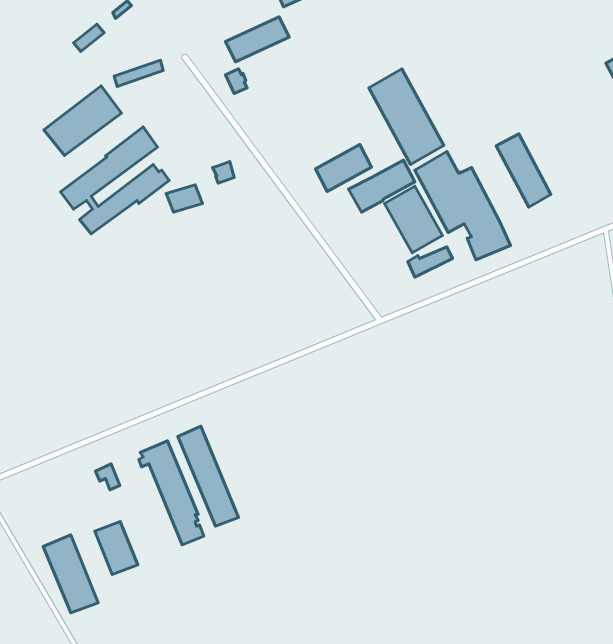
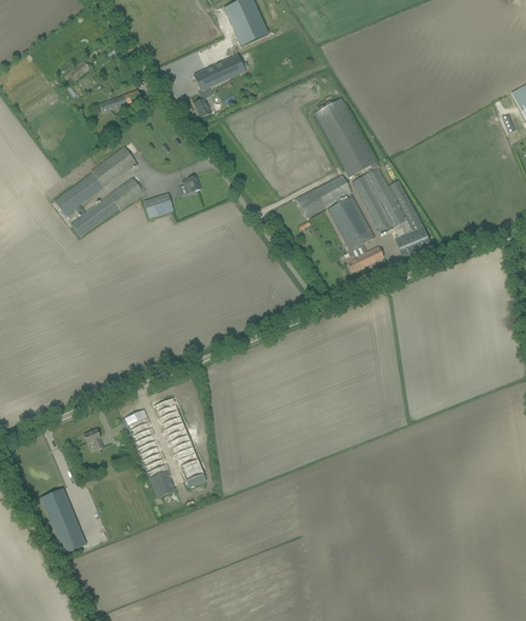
building: [44,86,122,156] -> none
building: [496,134,551,207] -> none
building: [316,145,372,192] -> none
building: [95,521,138,574] -> none

